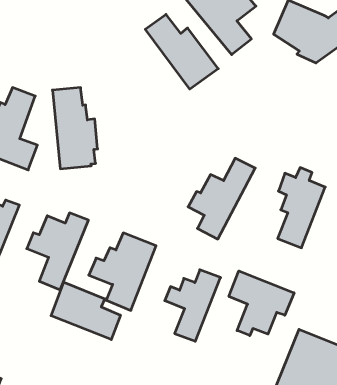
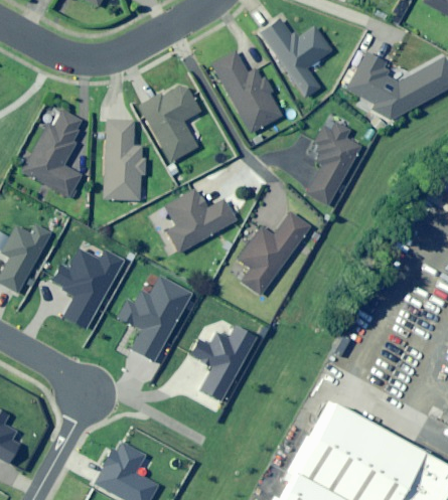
building: none -> [138,84,199,162]
building: none -> [164,189,236,253]
building: [278,168,325,248] -> [304,120,361,205]
building: [229,271,294,336] -> none
building: [51,282,120,340] -> none

